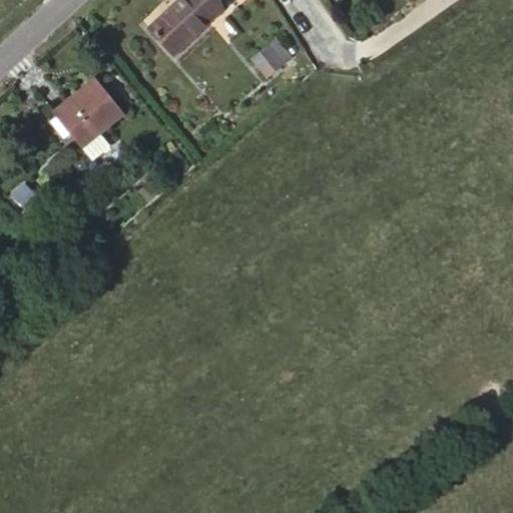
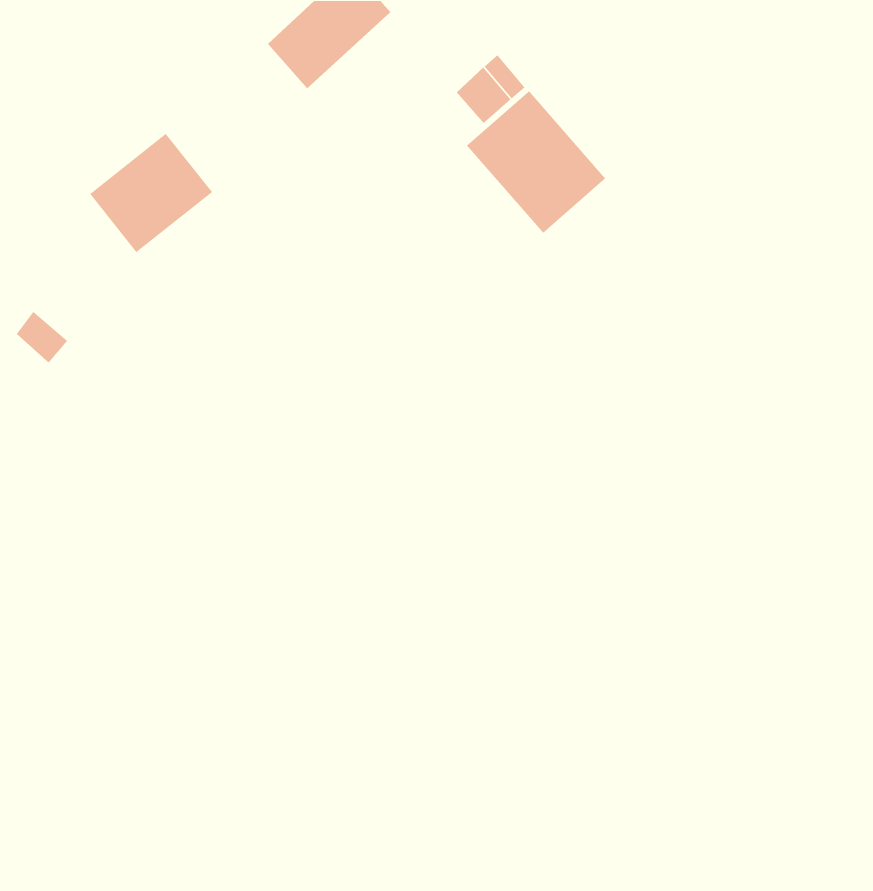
building: none -> [466,90,606,234]

